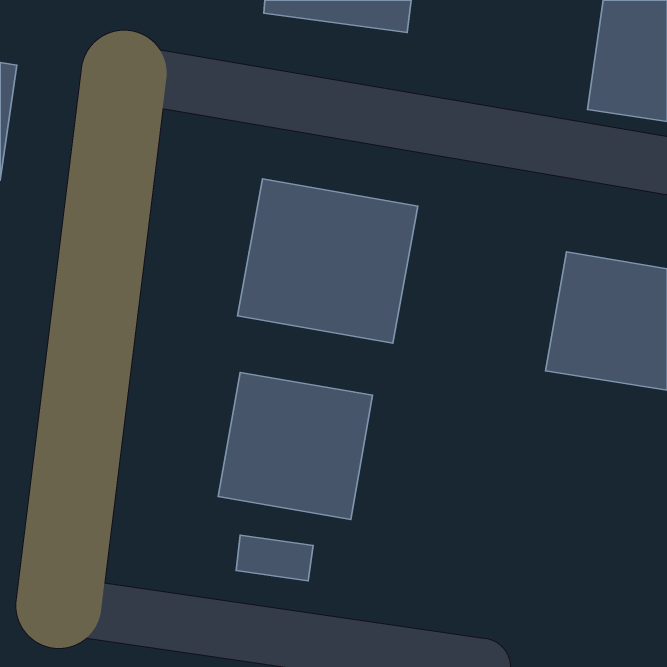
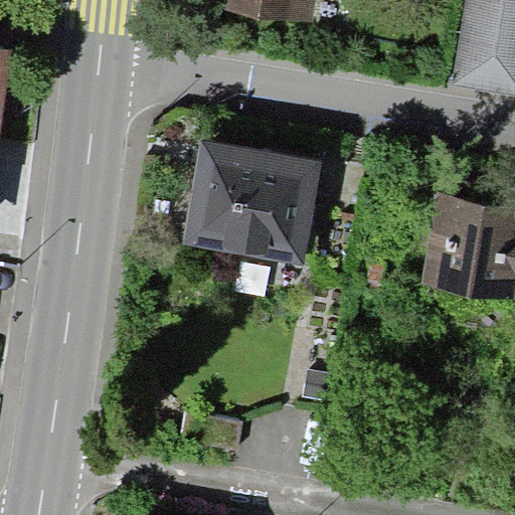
building: [218,372,373,519] -> none

